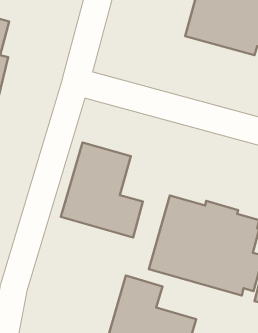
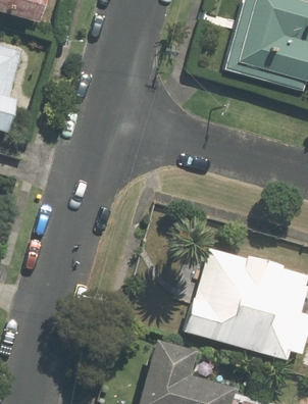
building: [61,142,143,237] -> none

